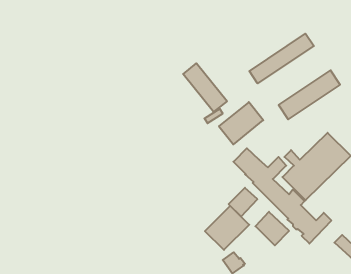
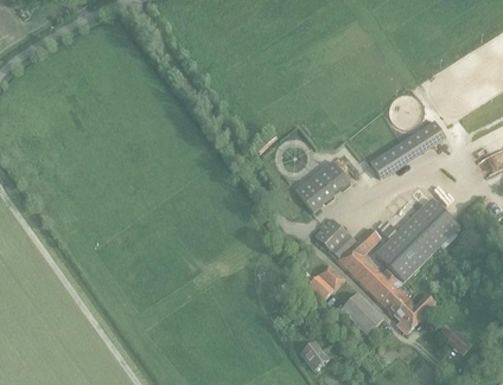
building: [249,34,314,83] -> none
building: [183,63,227,112] -> none
building: [205,206,249,250] -> none

